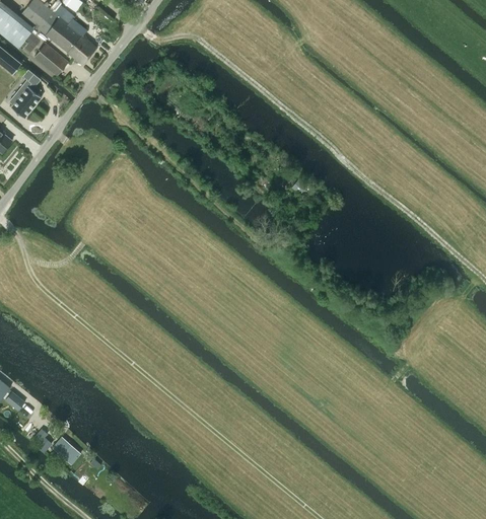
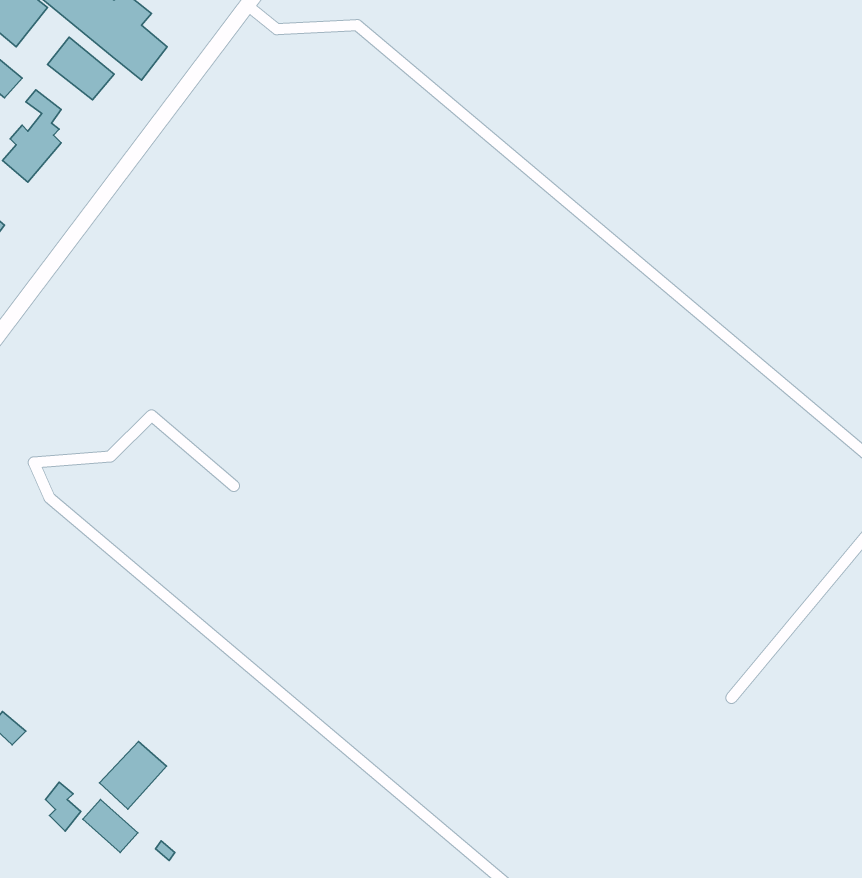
building: none -> [99,742,166,809]

